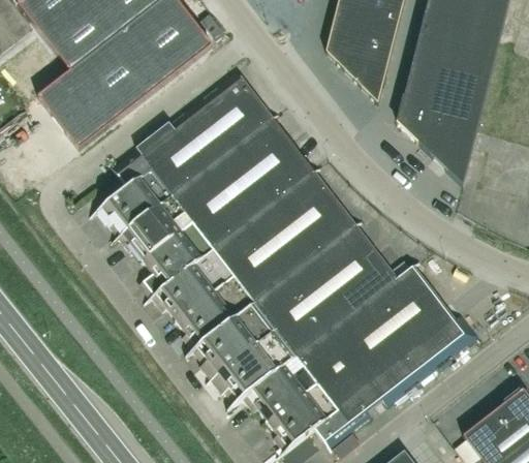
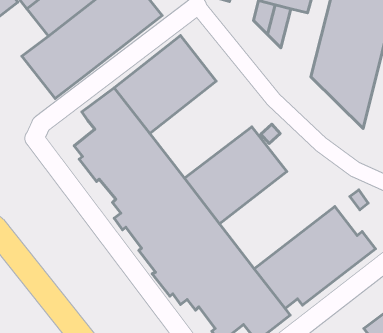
building: [361,36,394,102] -> none
building: [197,126,324,247] -> none
building: [284,239,428,360] -> none

